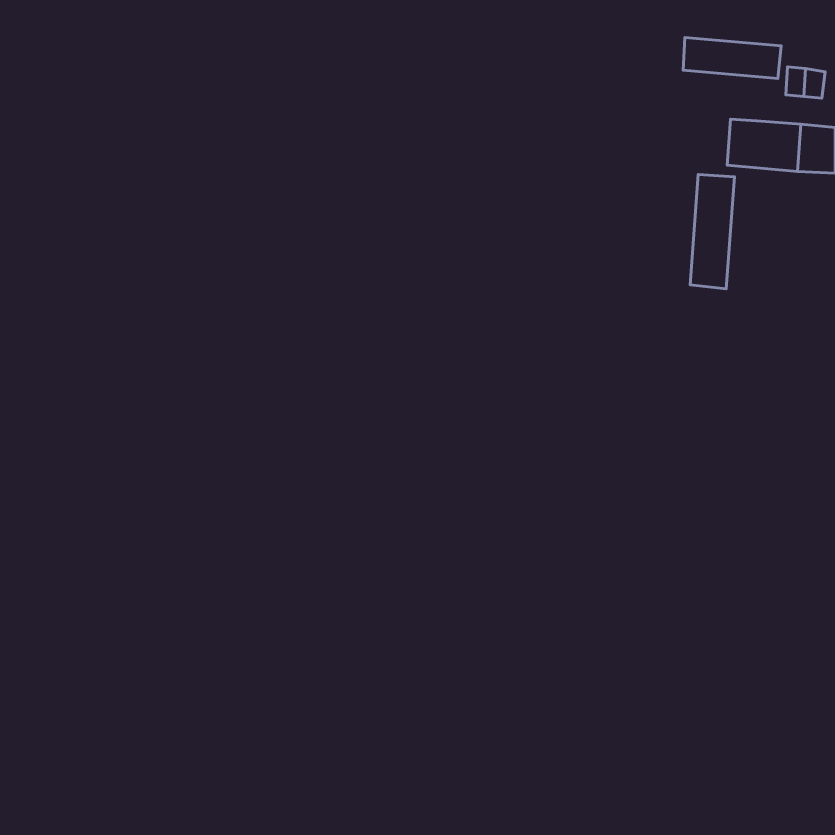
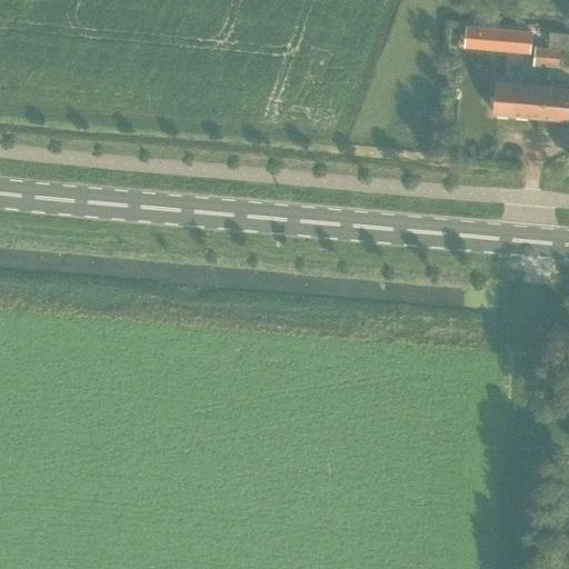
building: [690,175,735,289] -> none

